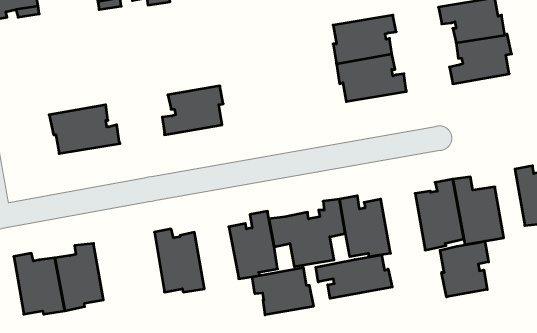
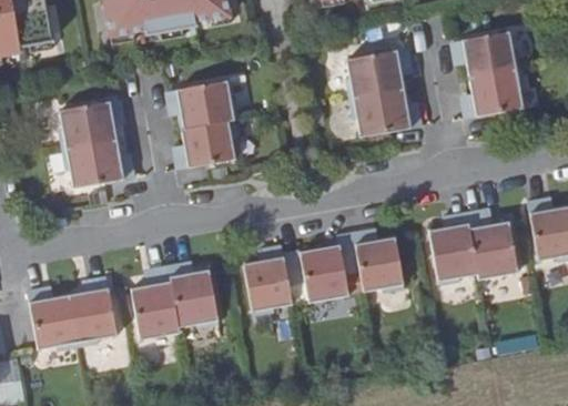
building: none -> [168,80,239,129]
building: none -> [60,99,123,149]
building: none -> [131,266,180,338]
building: [440,241,489,297] -> none
building: [316,255,392,298] -> none
building: [252,267,313,315] -> none

